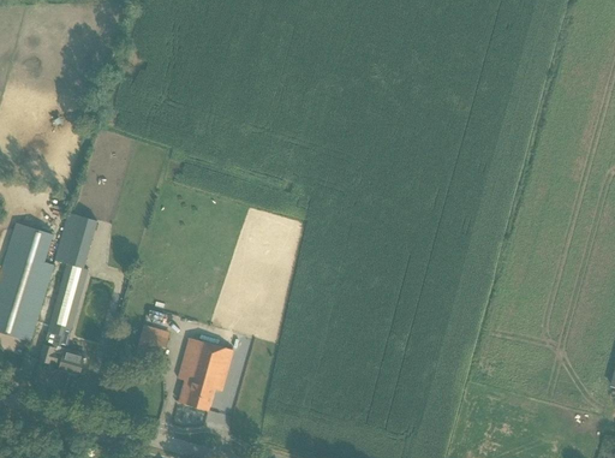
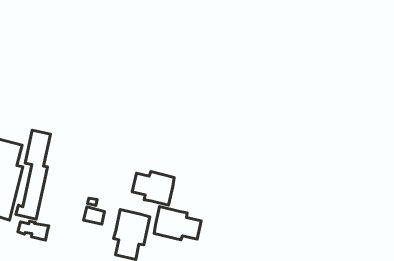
building: none -> [132,172,174,205]
building: none -> [154,207,201,240]

